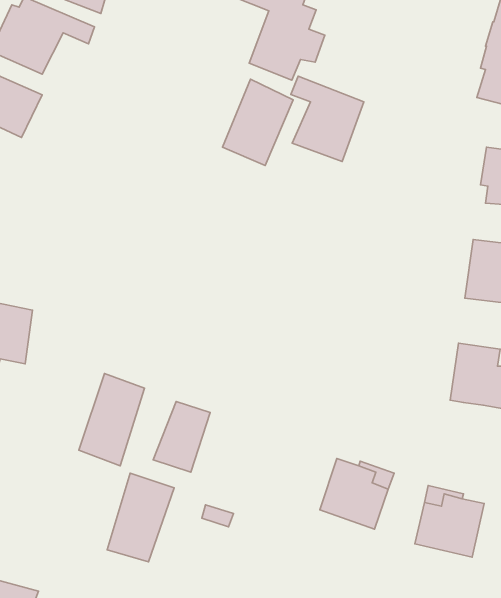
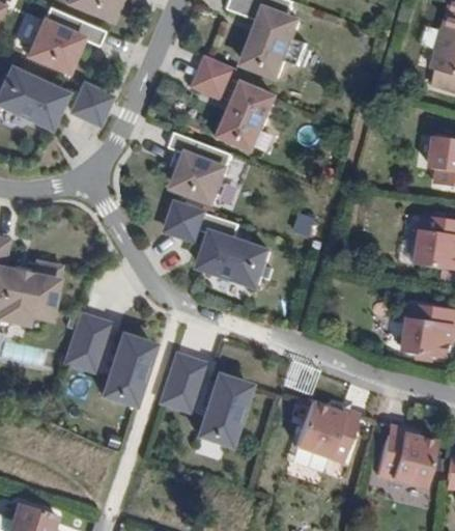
building: none -> [192,56,237,99]
building: [291,76,364,161] -> [169,132,231,204]
building: none -> [68,82,112,125]
building: none -> [163,201,266,284]
building: none -> [61,311,112,372]
building: [107,473,174,562] -> [192,369,249,445]

